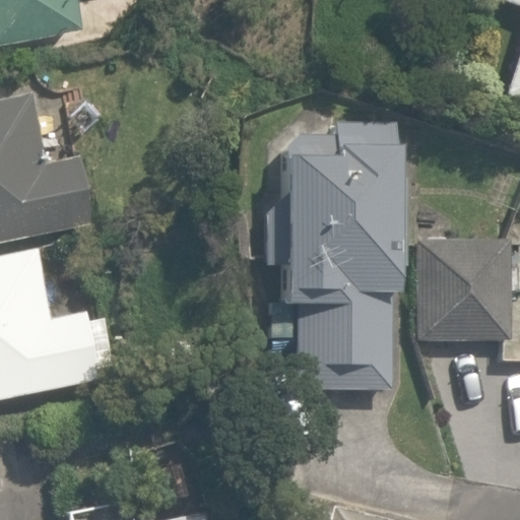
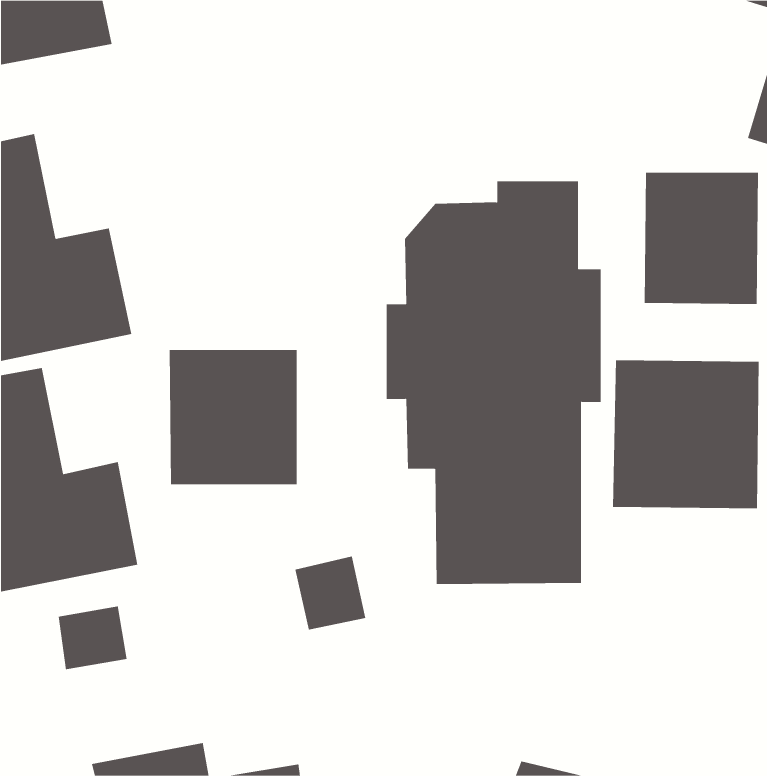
building: none -> [644,172,758,305]
building: none -> [169,349,297,485]

